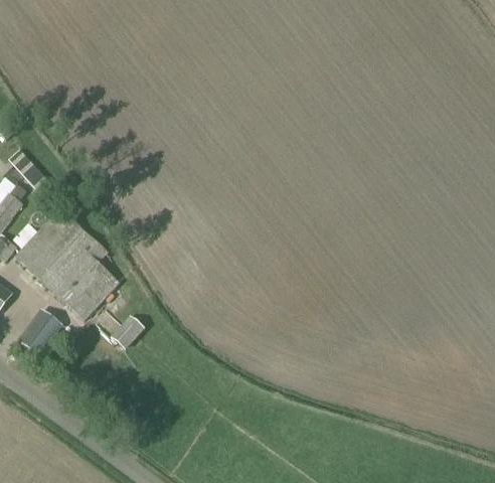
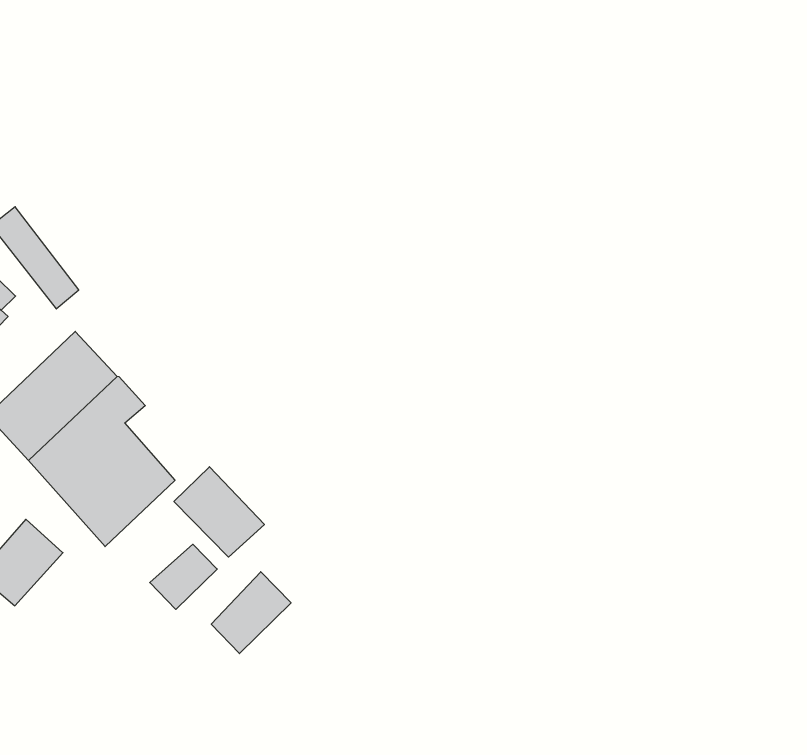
building: none -> [174,467,264,557]
building: none -> [211,572,291,654]

